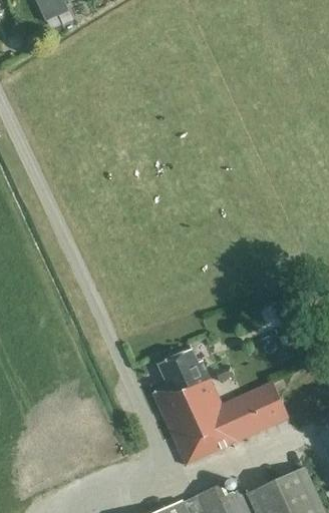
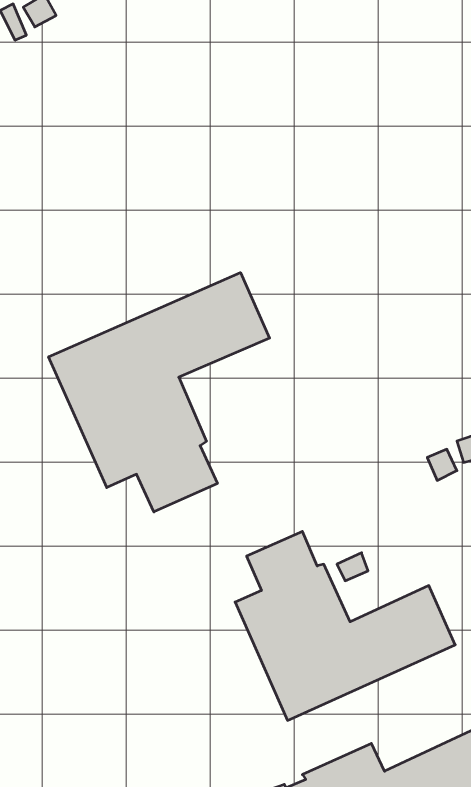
building: none -> [49,273,270,512]

